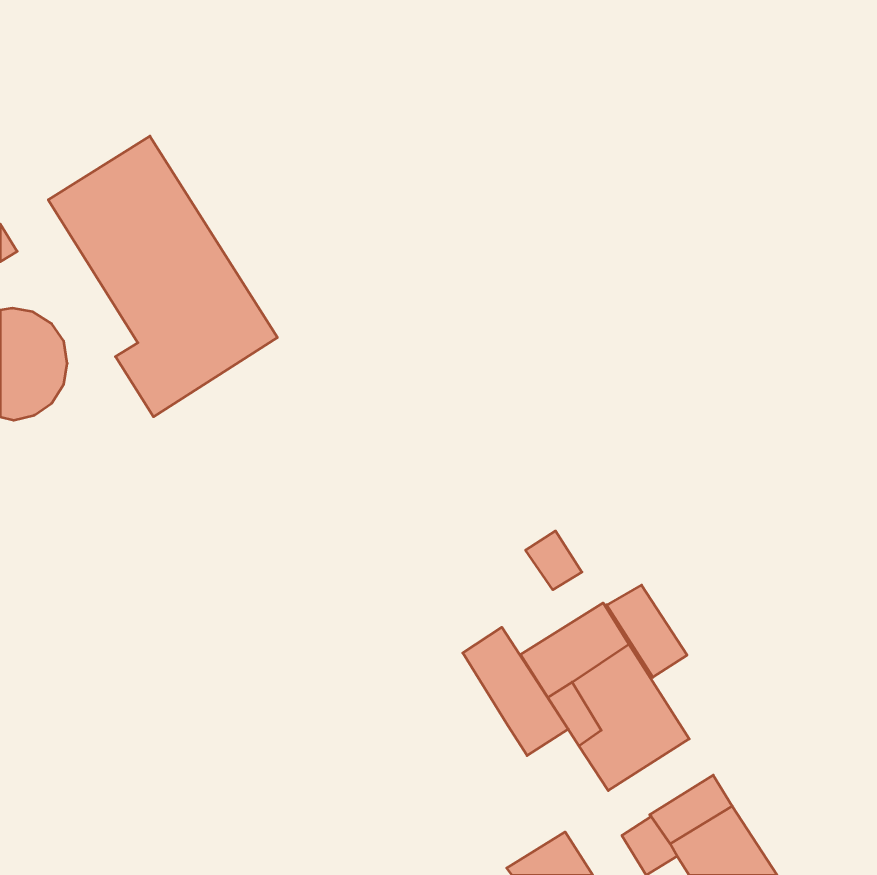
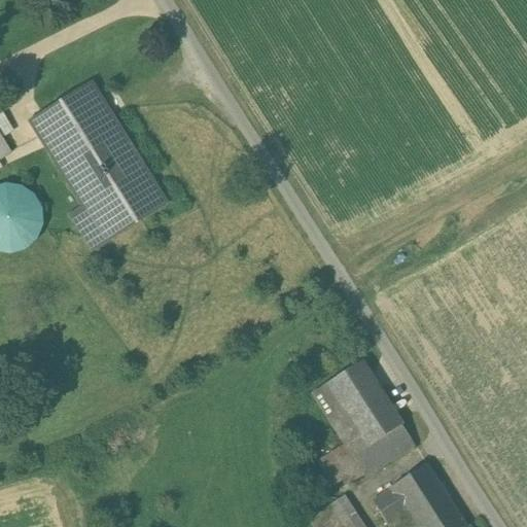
building: [526,531,582,590] -> none
building: [606,585,687,677] -> none
building: [463,627,568,756] -> none

